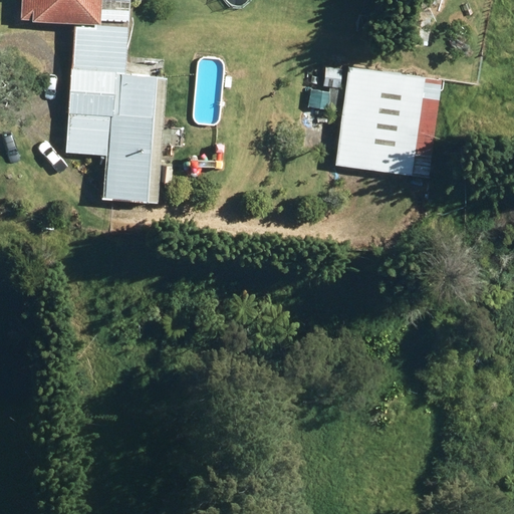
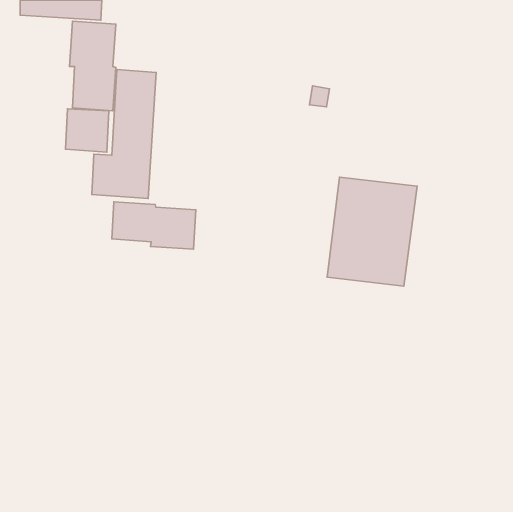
building: [337,66,427,175] -> [327,177,417,286]
building: none -> [112,202,196,249]

